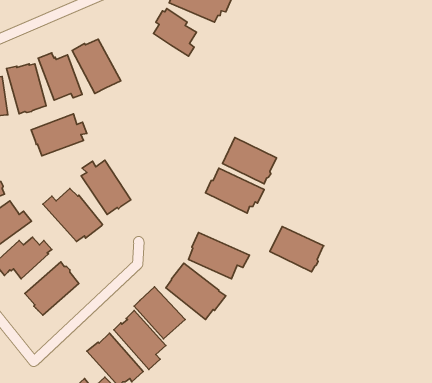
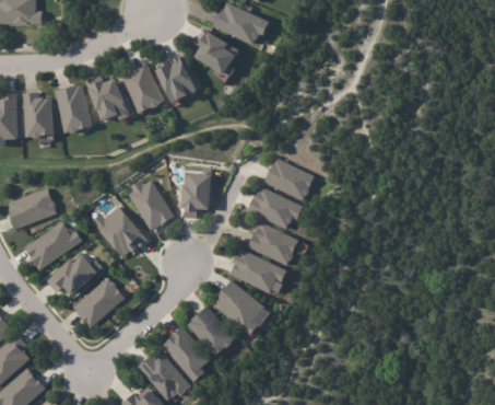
building: none -> [156,56,192,103]
building: [31,114,87,156] -> none
building: none -> [181,174,212,219]
building: [270,227,324,272] -> [249,223,302,267]

